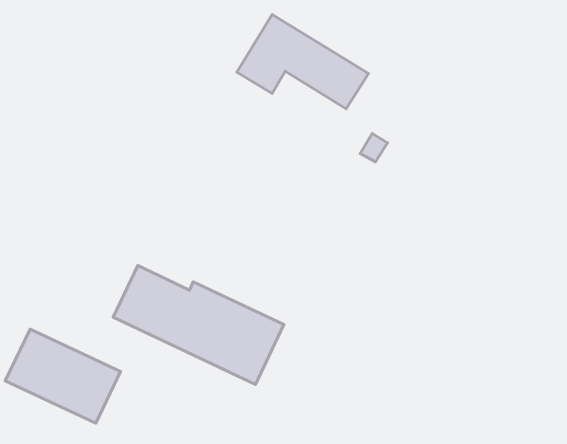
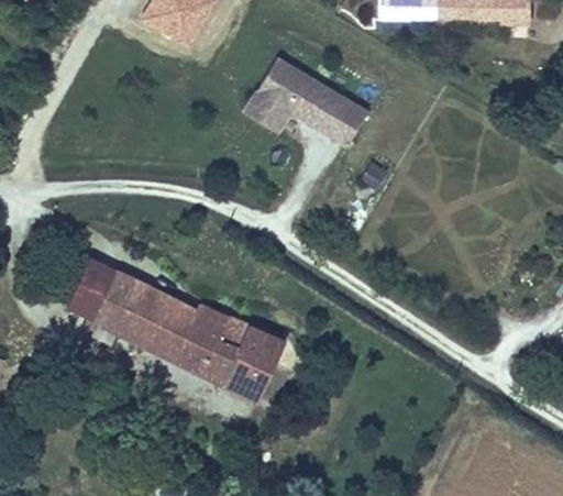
building: [5,329,121,423] -> [44,250,152,338]

